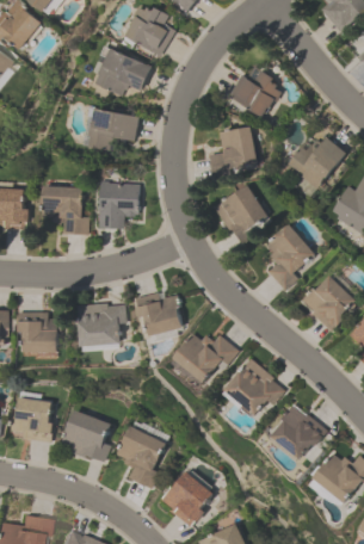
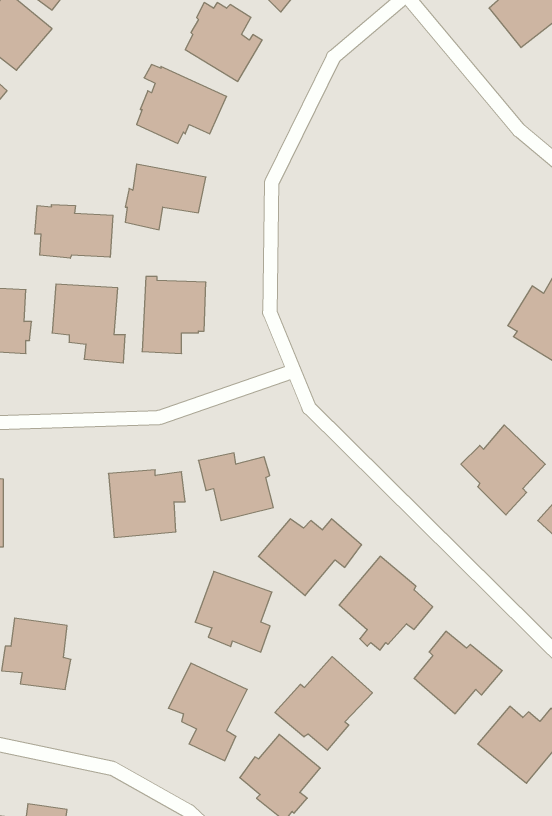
building: [228,64,282,116] -> none
building: [210,125,258,179] -> none
building: none -> [35,205,113,258]
building: [286,137,346,188] -> none
building: [214,185,272,242] -> none
building: [265,224,315,291] -> none
building: [20,313,58,353] -> none
building: [62,410,111,462] -> [195,571,272,652]
building: none -> [275,657,372,750]

